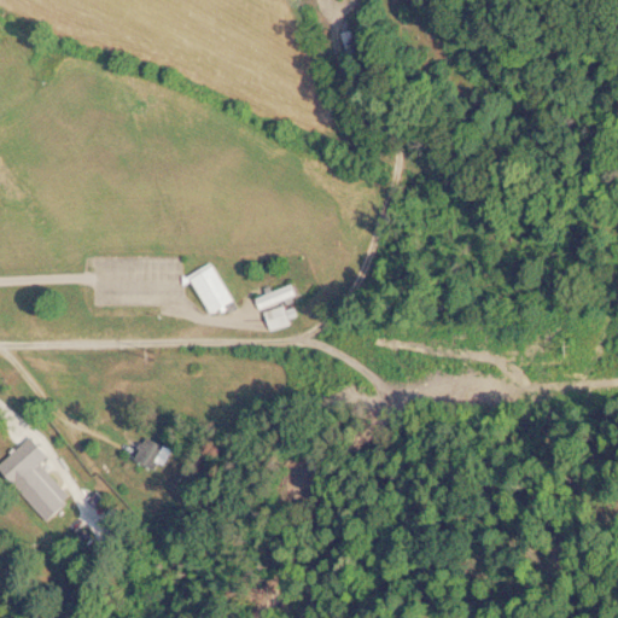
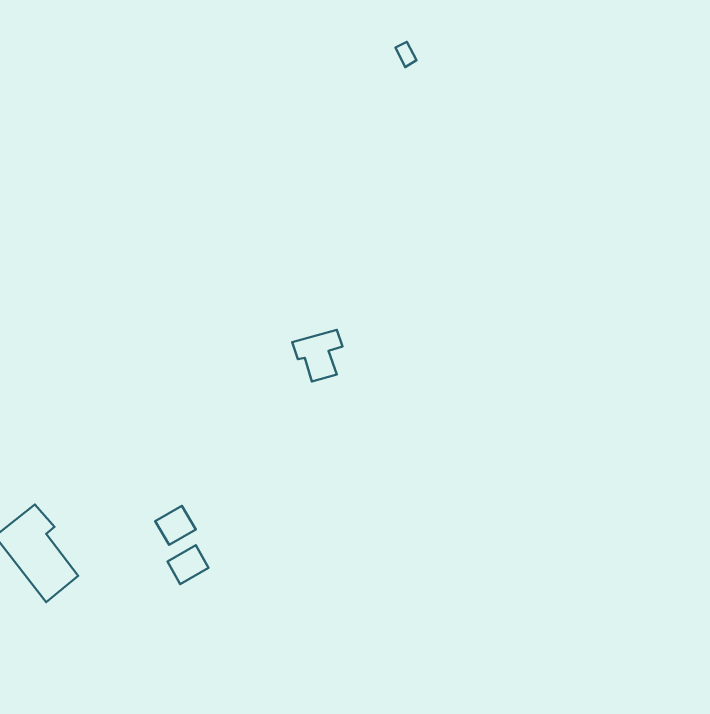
building: [192,264,233,314] -> none
building: none -> [168,545,209,584]

